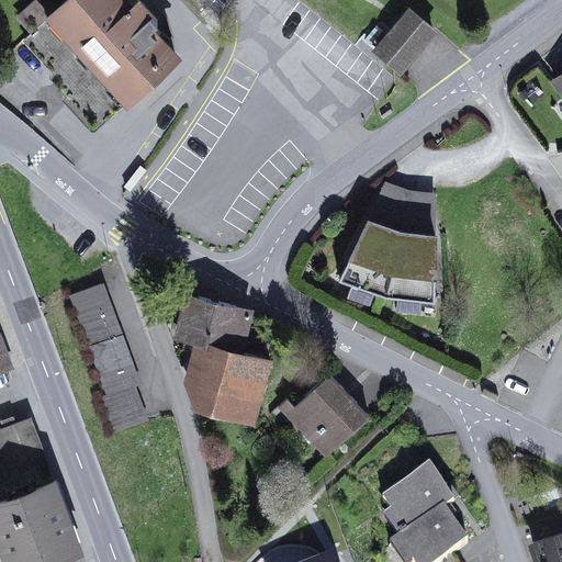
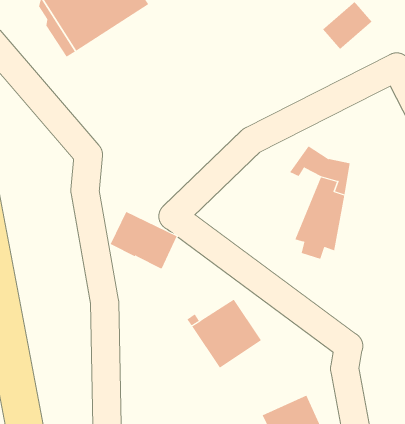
building: [339,211,404,303] -> none
building: [70,284,145,431] -> none
building: [199,344,270,418] -> none

